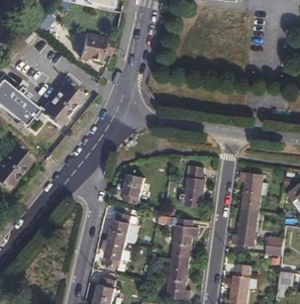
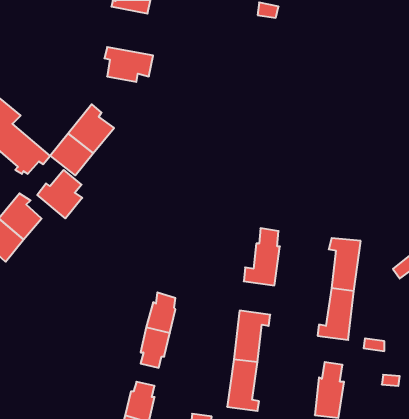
building: none -> [37,170,82,218]
building: [122,175,146,205] -> none

